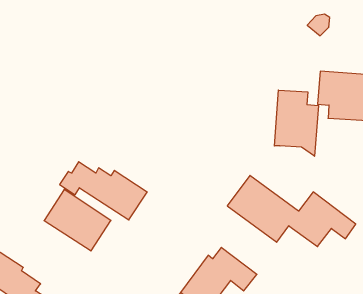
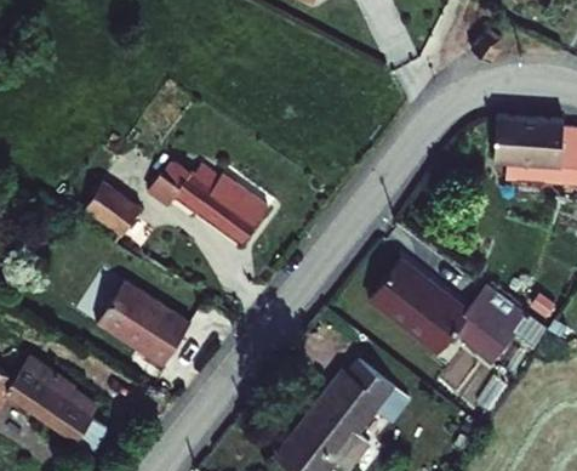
building: [274,90,318,156] -> none
building: none -> [92,188,148,240]
building: [60,162,147,220] -> [152,165,274,246]

